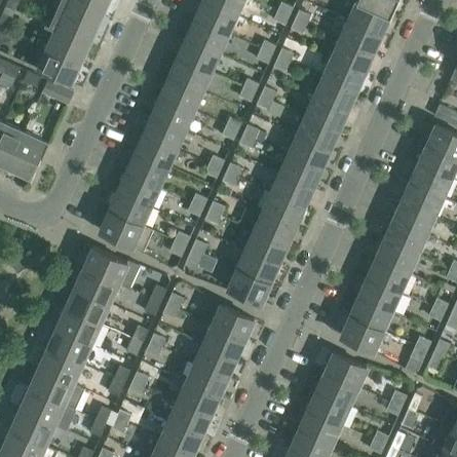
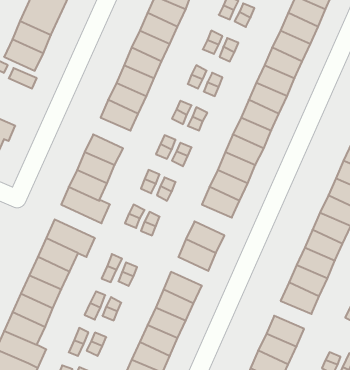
building: [136,135,177,168] -> none
building: [246,230,288,264] -> none

